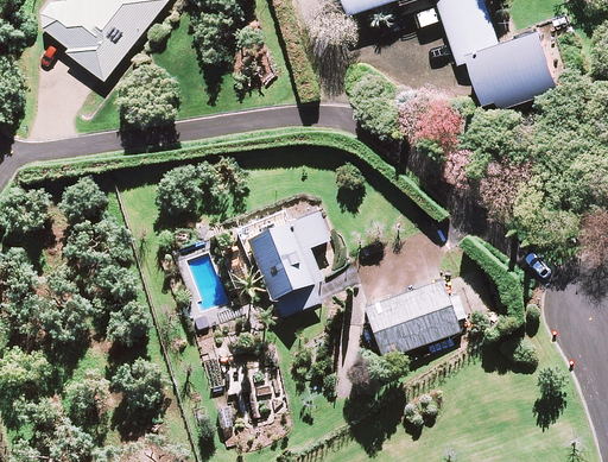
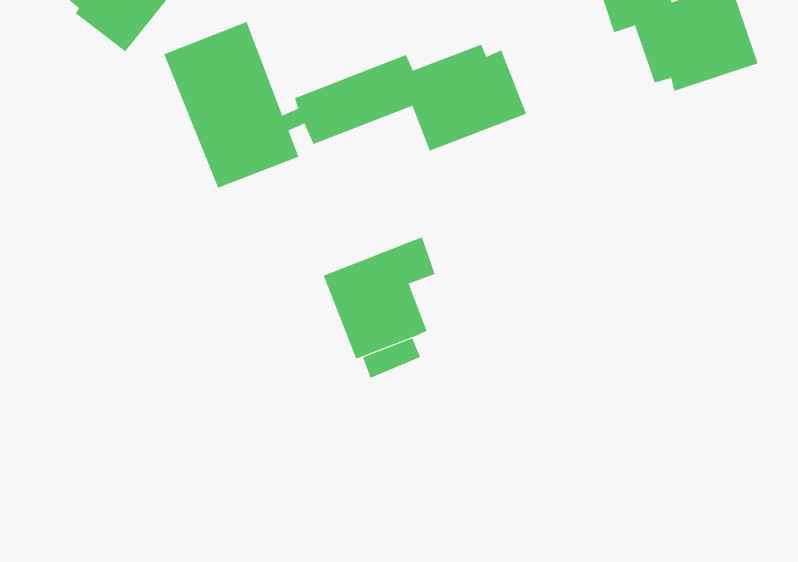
building: none -> [164,21,527,189]
building: [362,281,456,360] -> none

